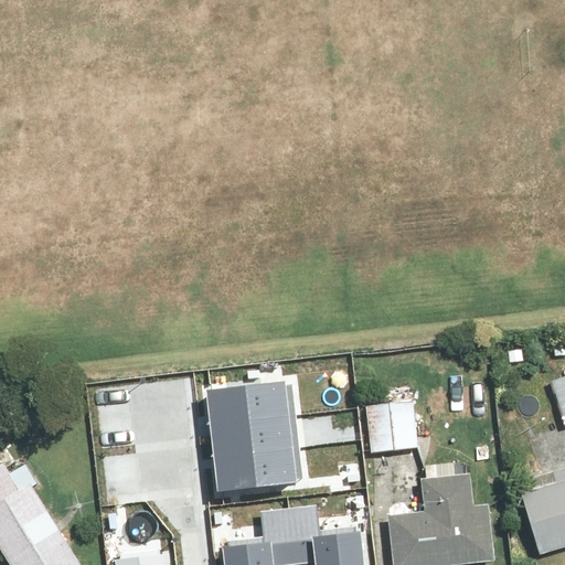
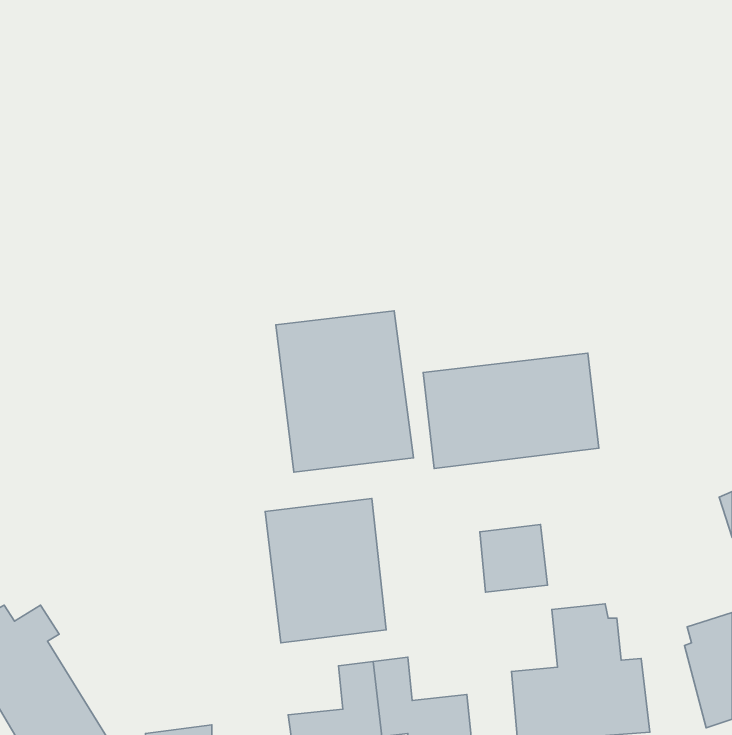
building: none -> [276,311,414,472]
building: none -> [423,353,599,469]

